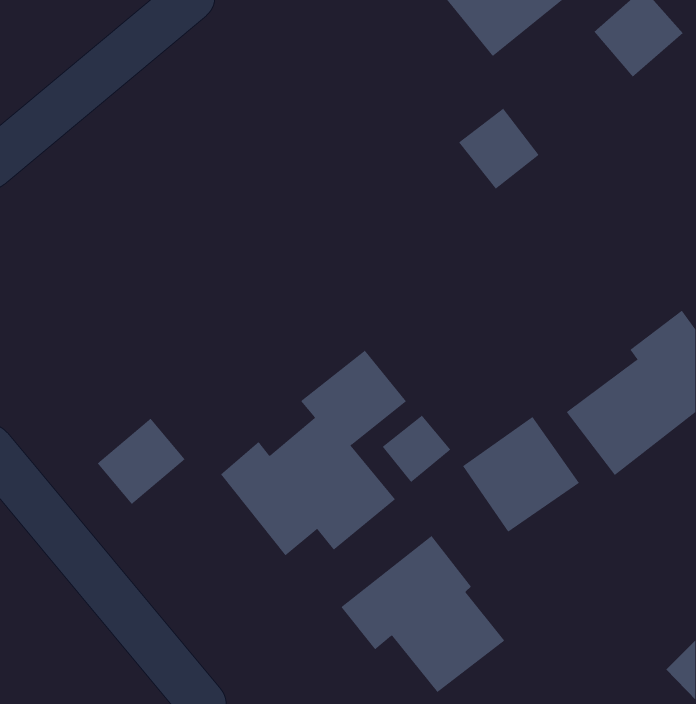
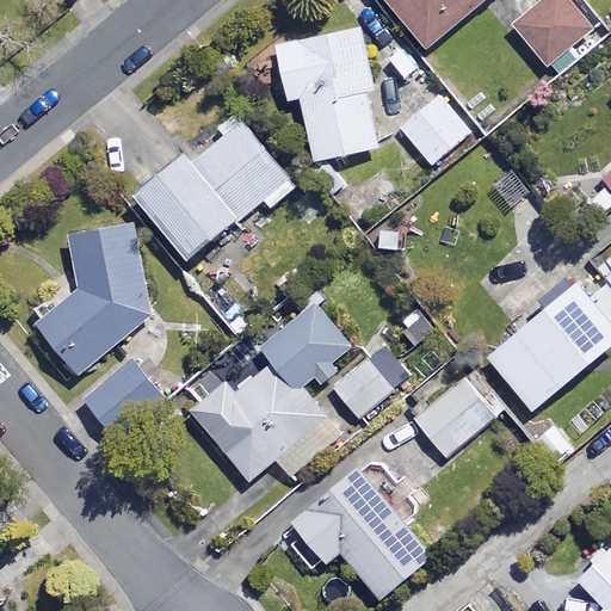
building: none -> [276,27,376,162]
building: none -> [136,121,294,260]
building: none -> [36,220,154,374]

